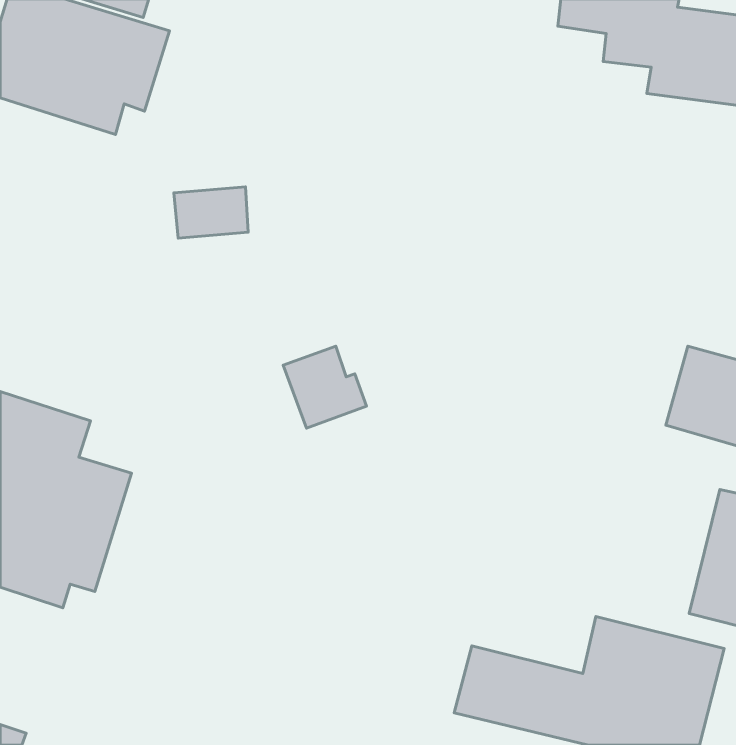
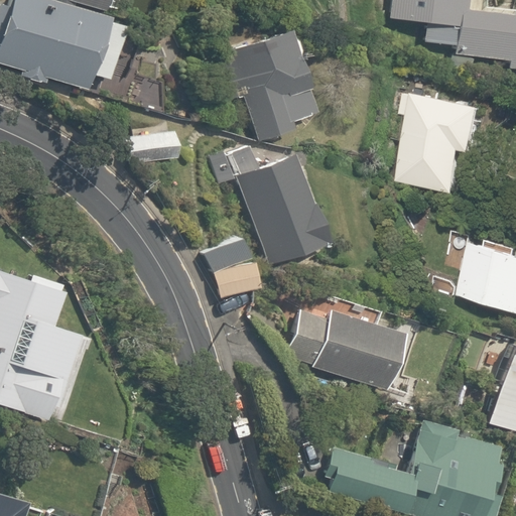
building: none -> [216,28,317,143]
building: none -> [403,88,494,191]
building: none -> [233,150,332,262]
building: none -> [287,310,400,389]

